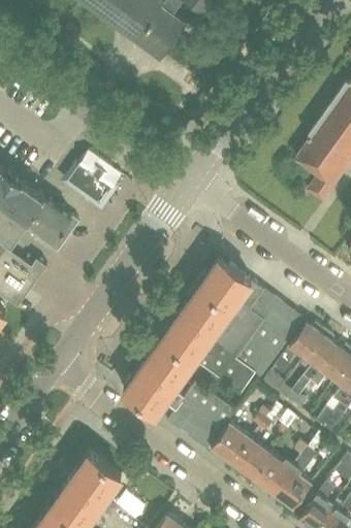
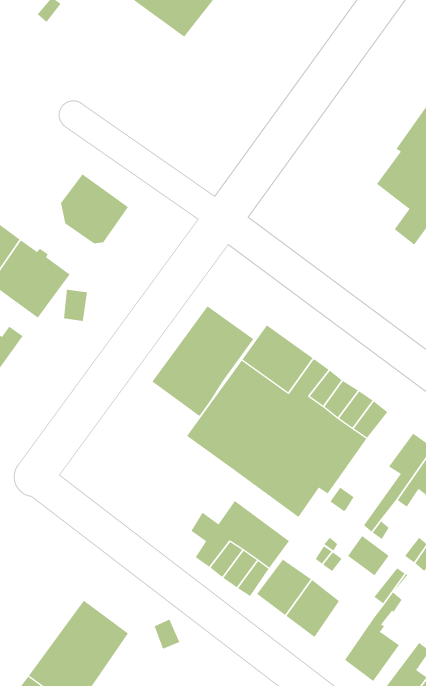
building: [274,322,325,372] -> none
building: [123,335,195,414] -> [152,305,254,417]
building: [253,452,294,493] -> none

